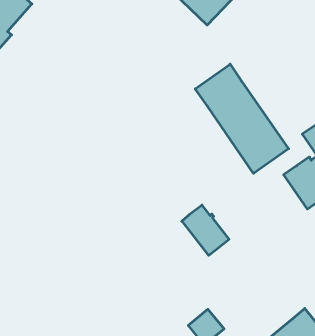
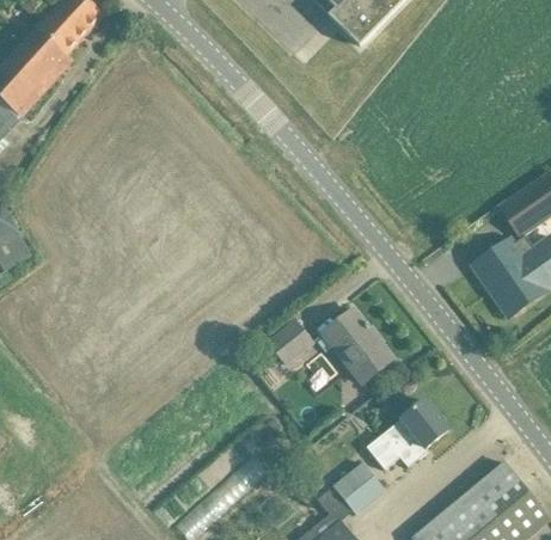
building: [195,64,289,173] -> none
building: none -> [268,321,311,363]
building: none -> [366,400,447,470]

